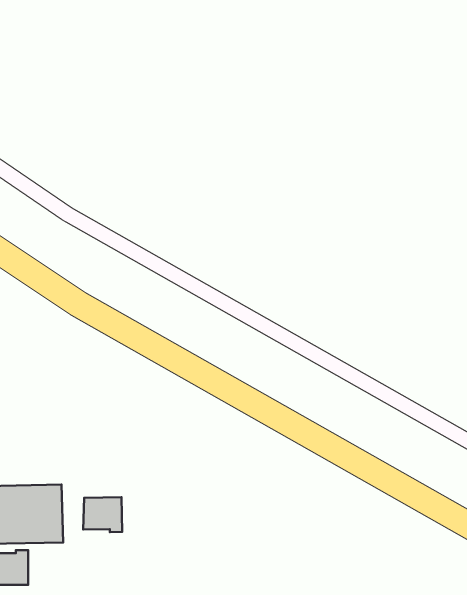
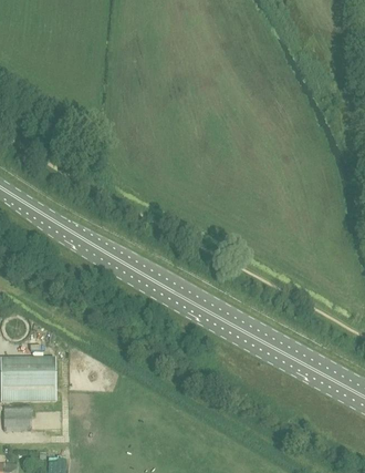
building: [83,497,122,532] -> none

